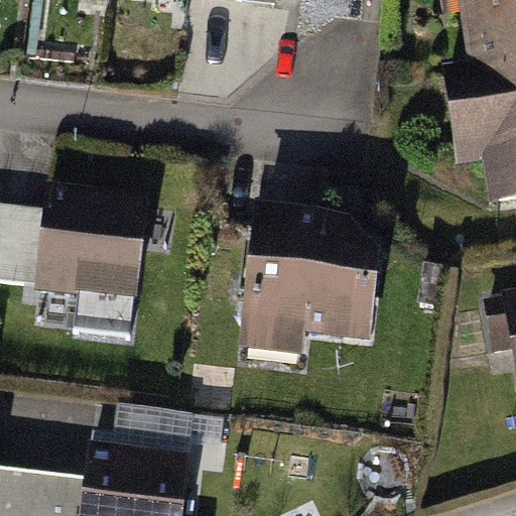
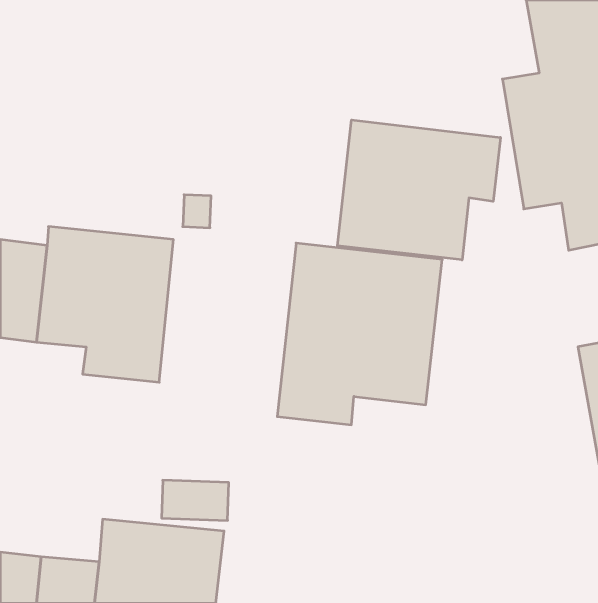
building: none -> [337,120,500,260]

